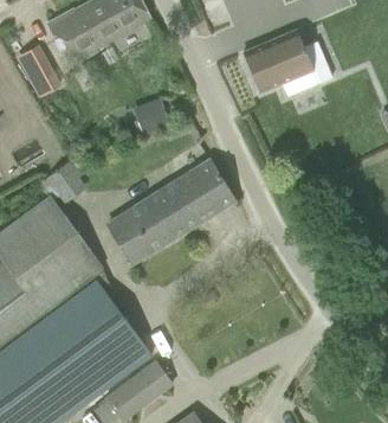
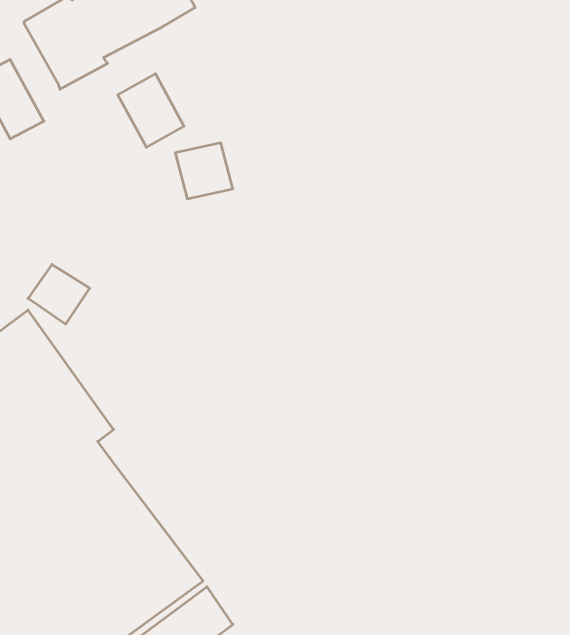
building: [242,31,331,98] -> none
building: none -> [118,74,184,147]
building: [108,165,234,263] -> none

